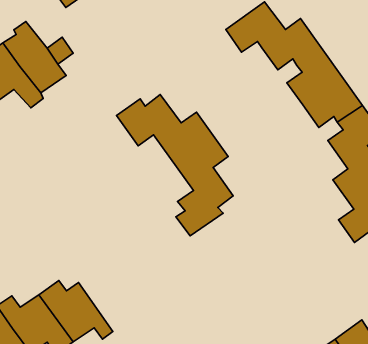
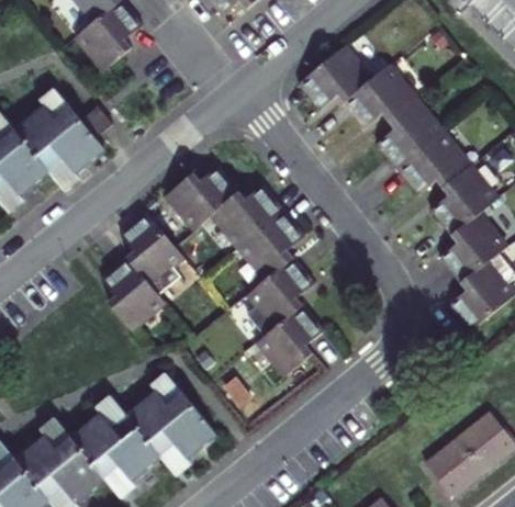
building: none -> [105,211,188,329]
building: none -> [261,305,328,376]
building: none -> [137,375,213,457]

